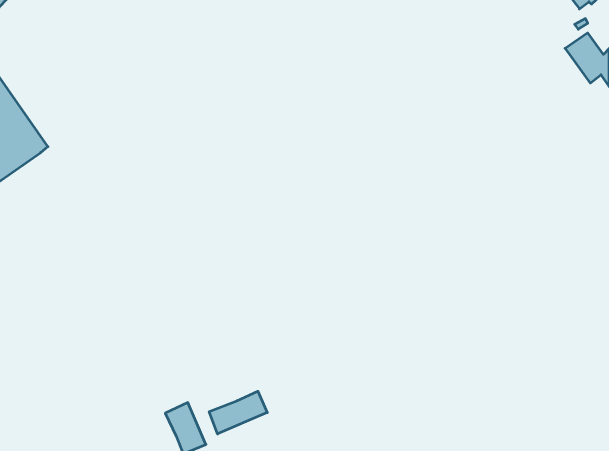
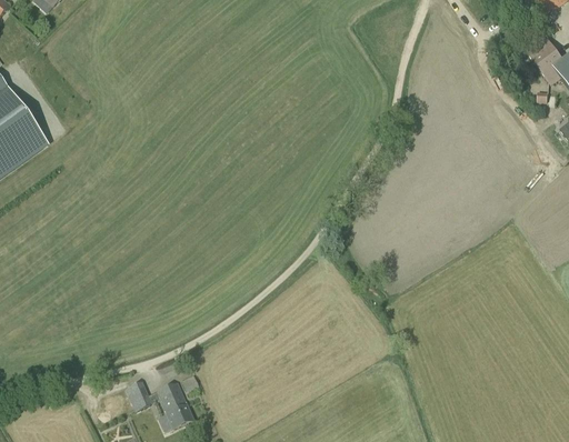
building: [209,391,267,434] -> none
building: none -> [126,379,151,409]

